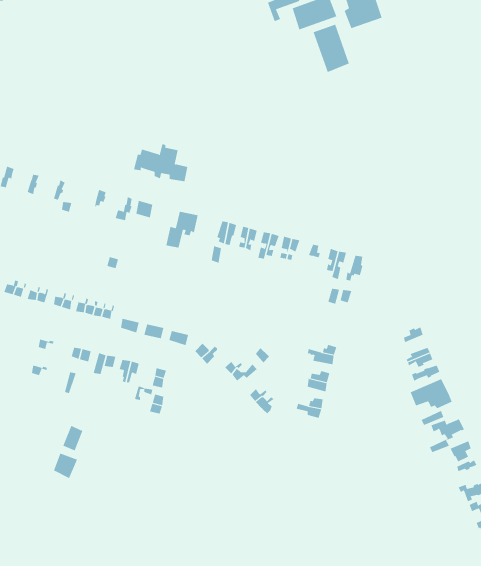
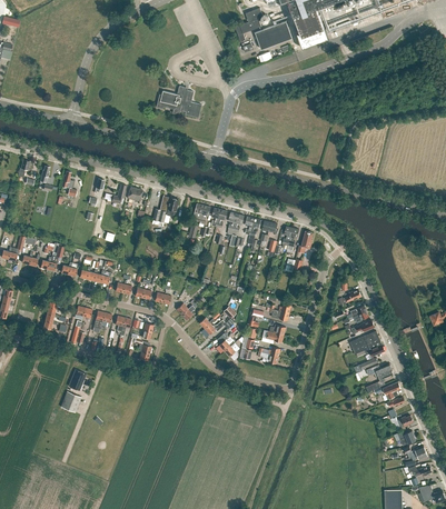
building: [313,24,349,73] -> none
building: [133,143,188,182] -> [157,86,201,117]

